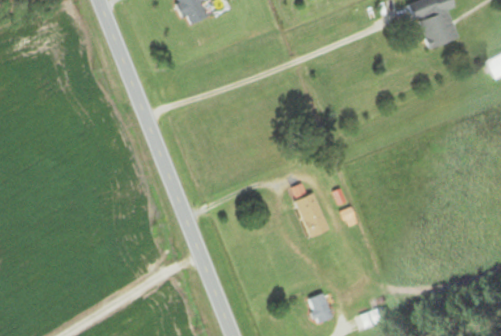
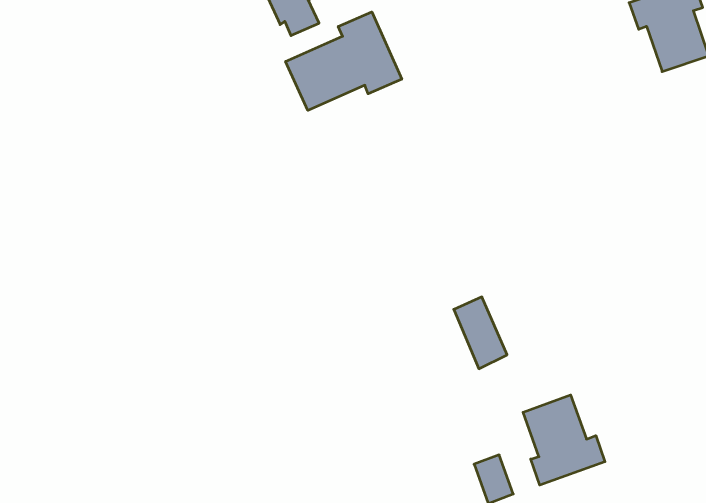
building: none -> [286,12,402,110]
building: none -> [523,395,605,485]

